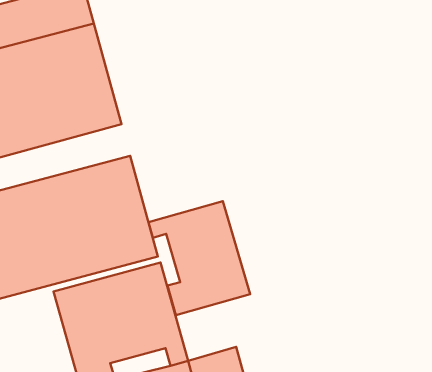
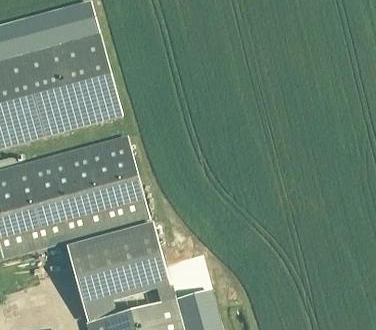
building: [149,201,250,315] -> none

